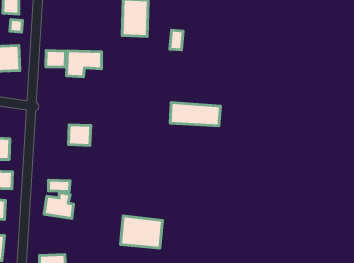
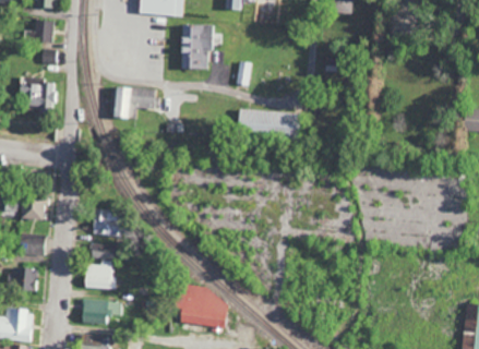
building: [46,51,65,67] -> none
building: [170,102,221,126] -> [237,108,298,136]
building: [68,125,91,145] -> [94,209,121,234]
building: none -> [82,299,123,324]

